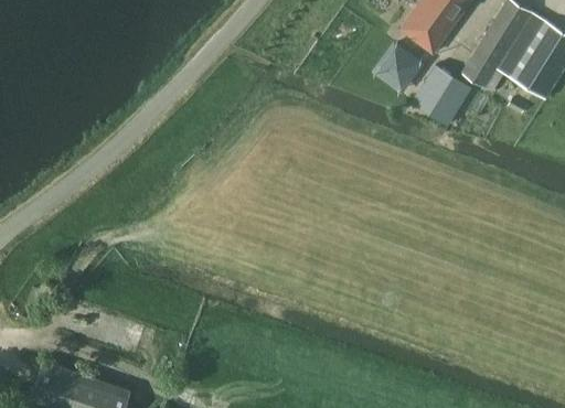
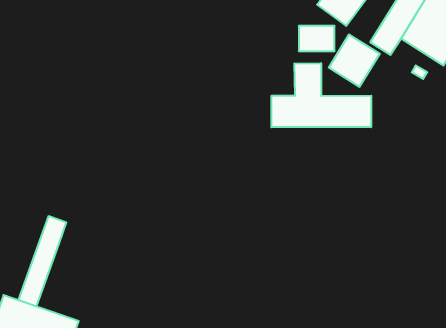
building: none -> [271,63,371,127]
building: none -> [19,216,66,306]

